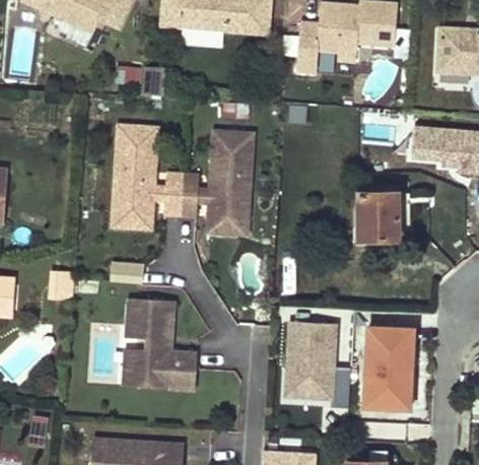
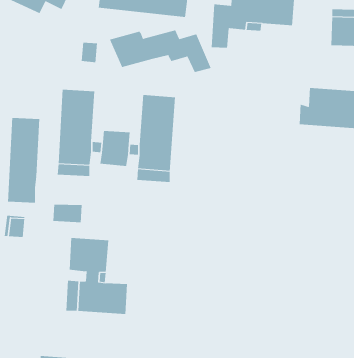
building: none -> [109,30,212,73]
building: none -> [7,117,40,203]
building: [359,192,399,240] -> none
building: [281,316,350,405] -> none
building: [362,320,416,412] -> none

